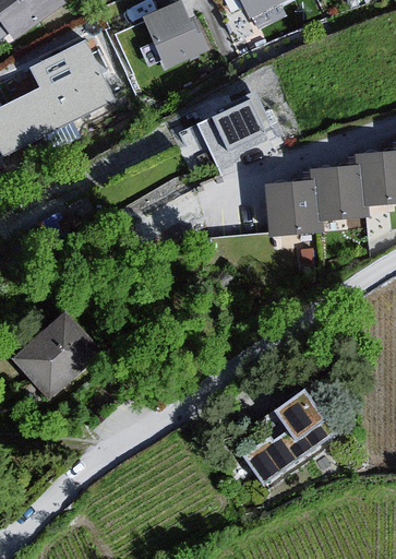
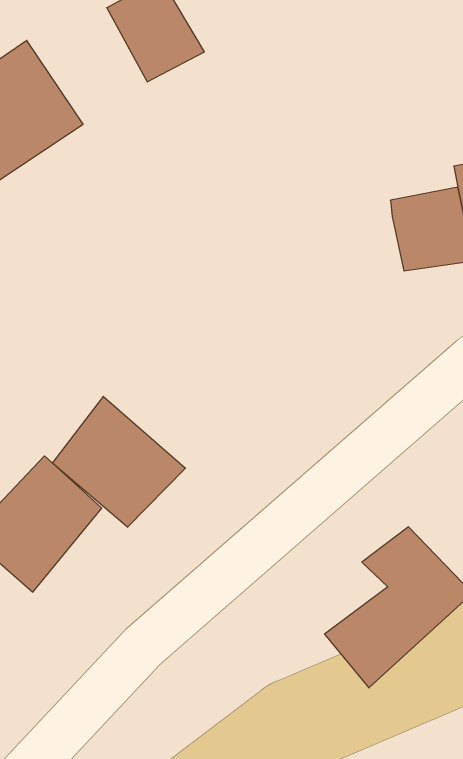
building: [199,93,283,170] -> none
building: [267,181,319,235] -> none
building: none -> [52,396,185,527]

